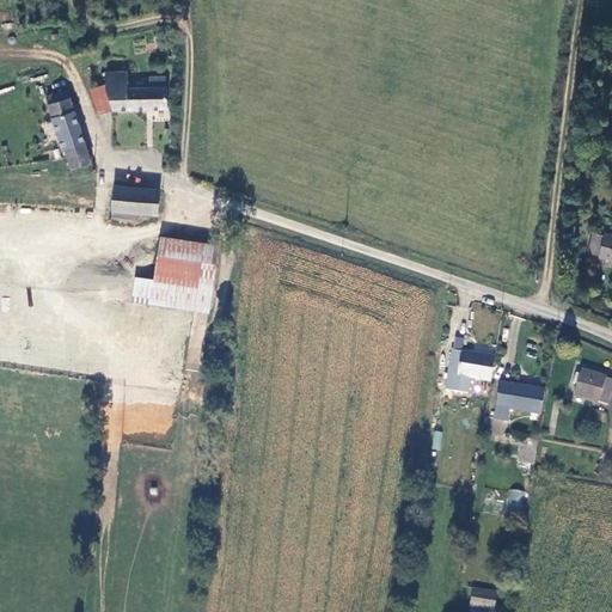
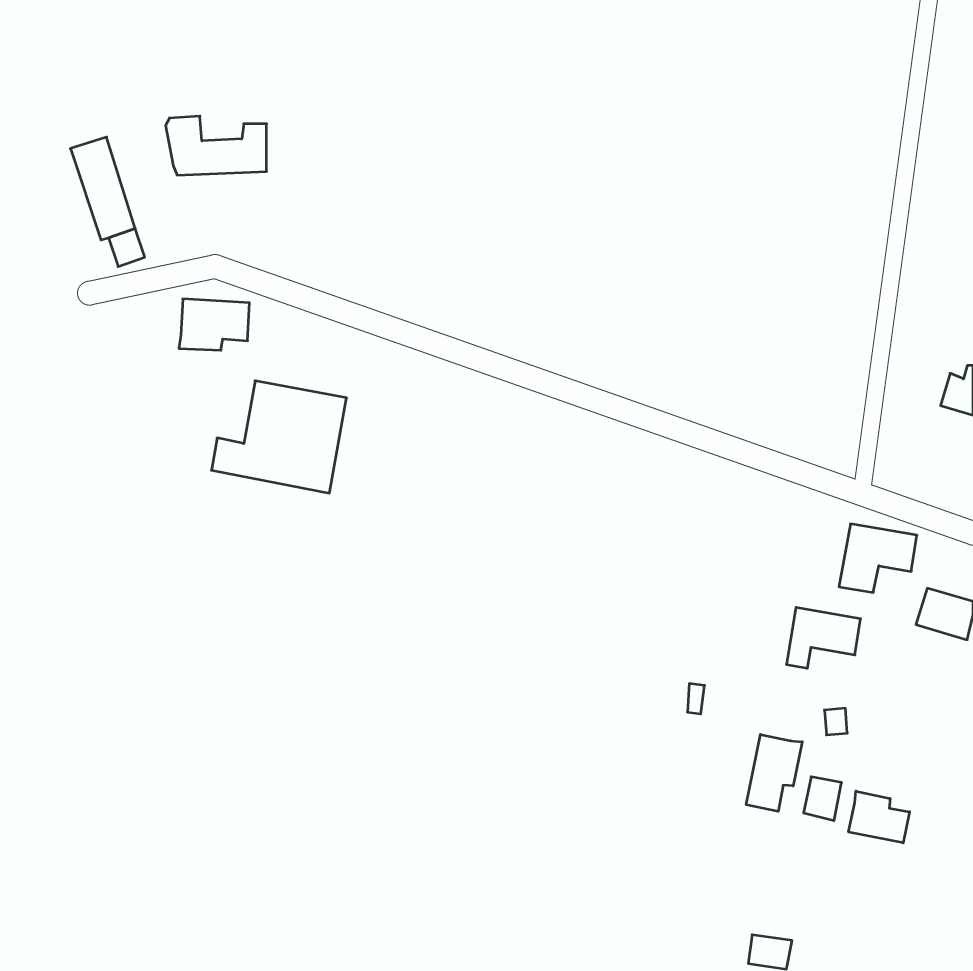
building: [445,349,494,392] -> [839,524,917,592]
building: none -> [746,734,802,811]
building: none -> [849,791,910,843]

